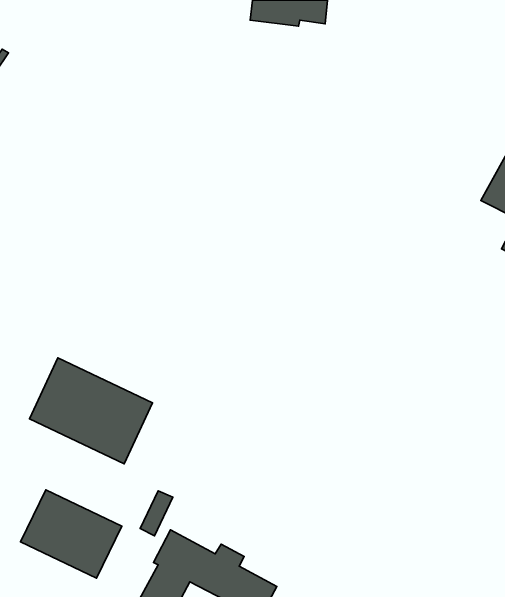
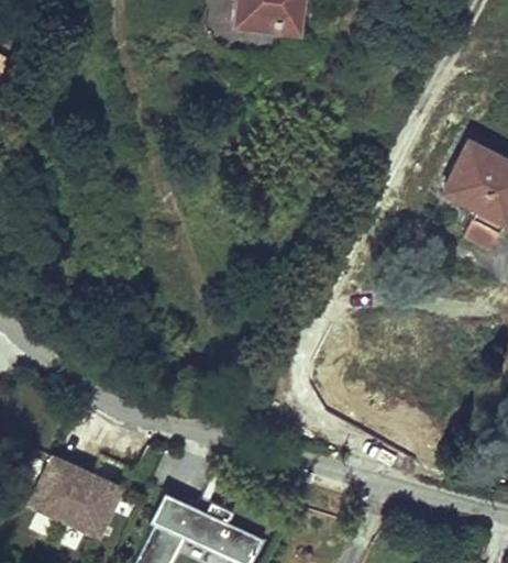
building: [30,358,152,464] -> none

